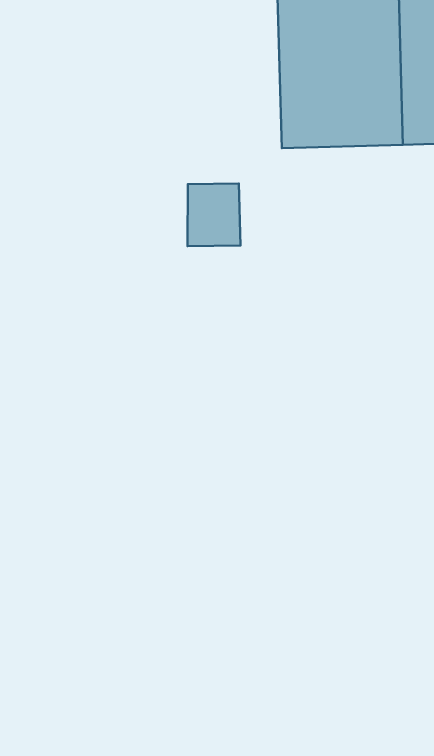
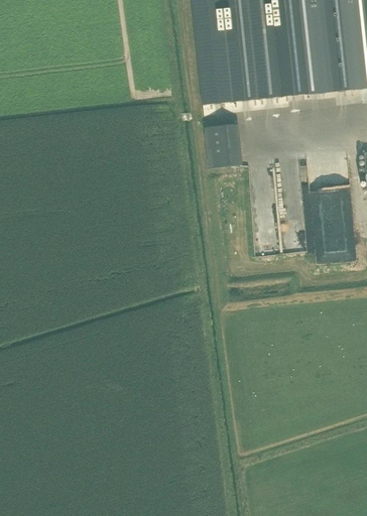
building: [188,184,240,246] -> [204,124,241,167]

